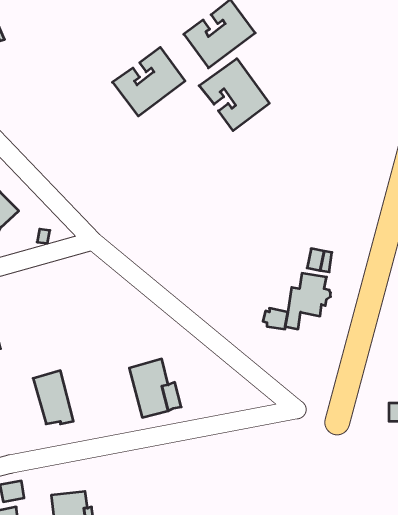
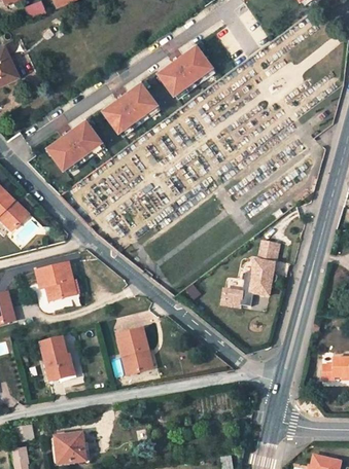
building: [199,59,269,131] -> none
building: none -> [47,120,104,174]
building: none -> [35,264,77,300]

